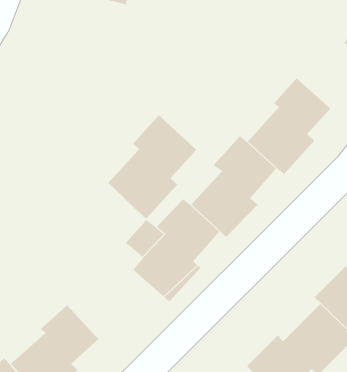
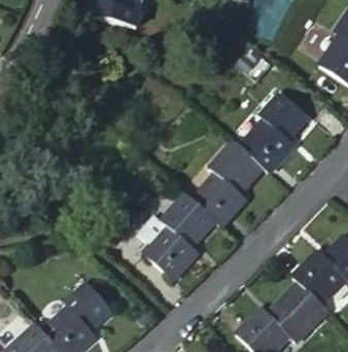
building: [107,115,197,219] -> none

